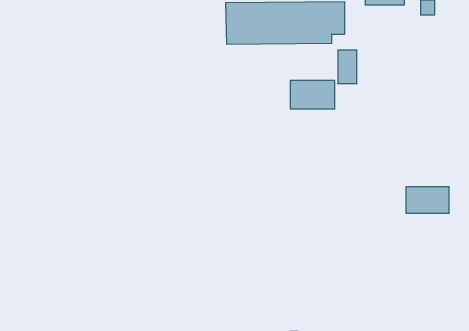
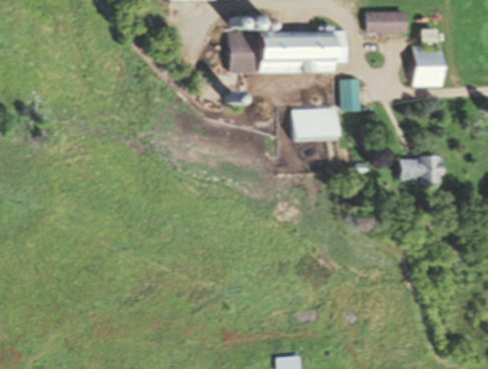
building: none -> [413,46,441,86]
building: [406,187,449,213] -> [398,155,441,181]

